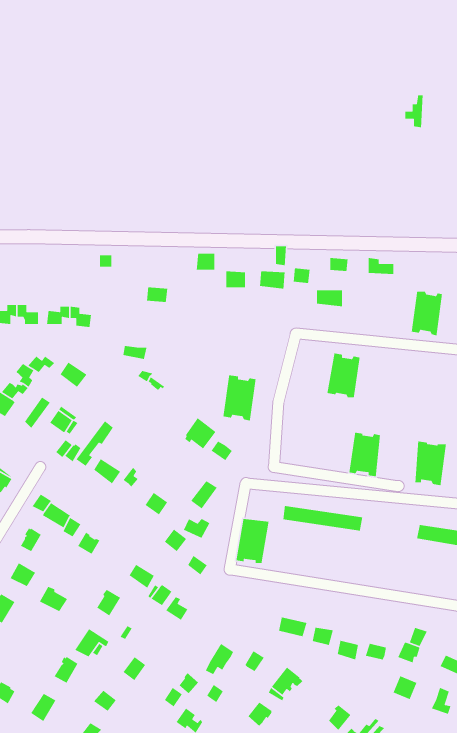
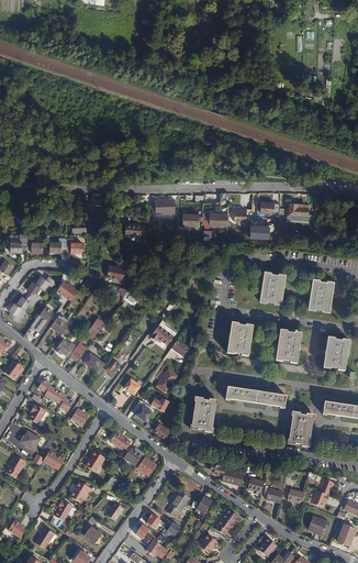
building: [411,291,443,336] -> [307,280,332,314]
building: [223,374,256,421] -> [226,324,251,360]
building: none -> [288,412,312,448]

